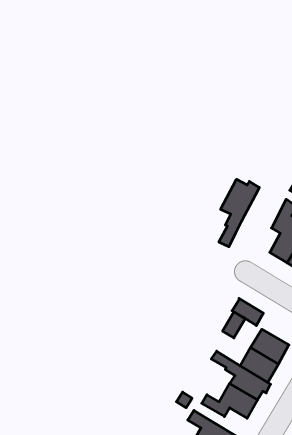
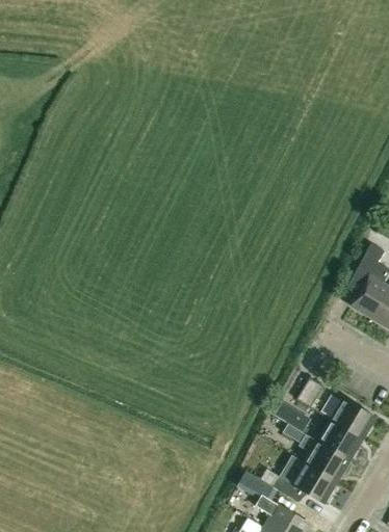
building: [219,179,259,247] -> none
building: [232,298,263,326] -> [275,401,312,433]

